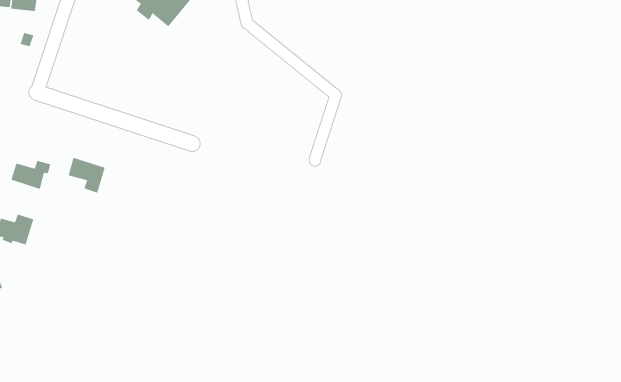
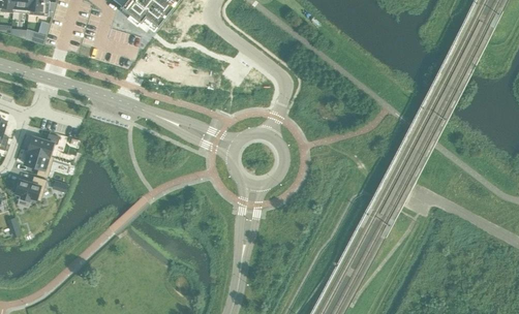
building: [68,157,106,194] -> [22,149,52,178]

